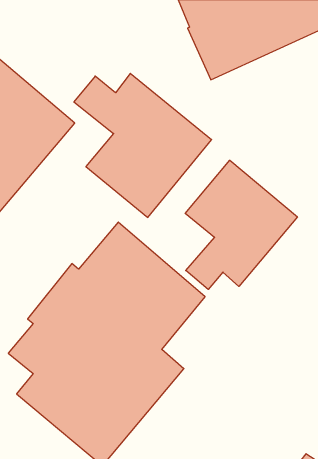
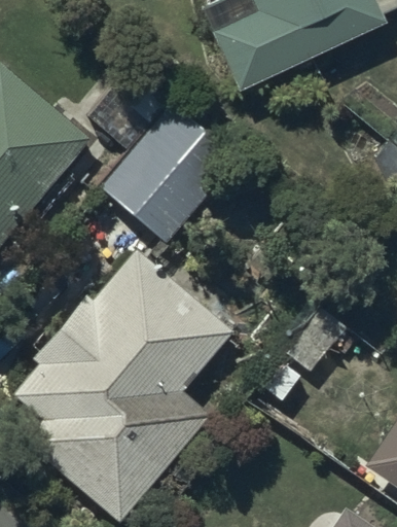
building: [185,160,297,289] -> none

